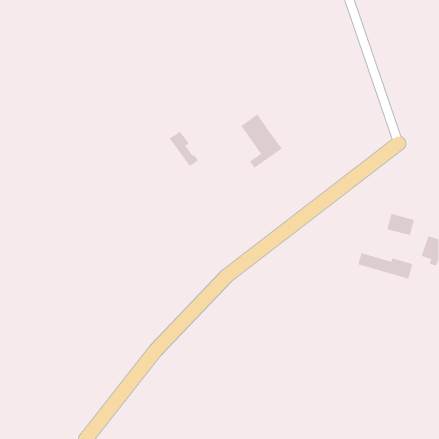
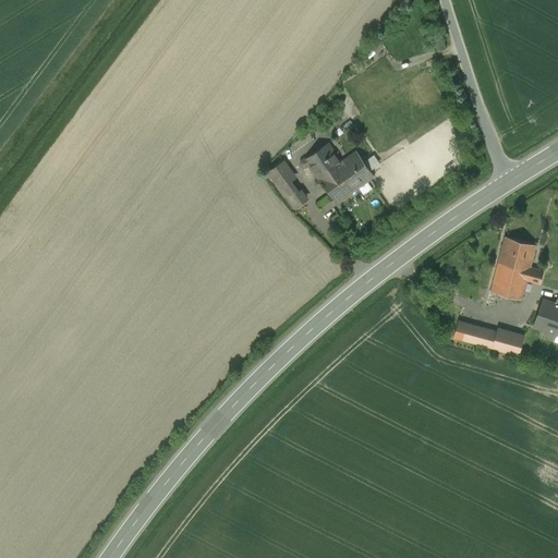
building: none -> [340,151,374,189]
building: [169,132,198,167] -> [269,163,306,208]
building: none -> [496,236,542,282]

